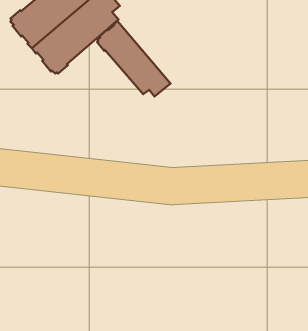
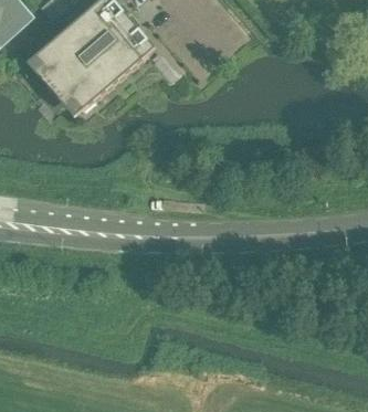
building: [97,21,170,96] -> none

